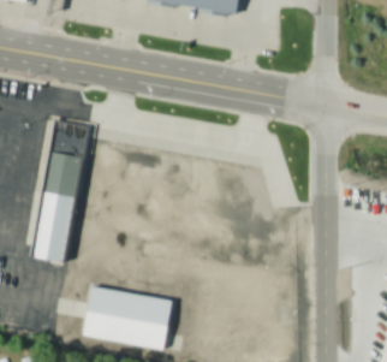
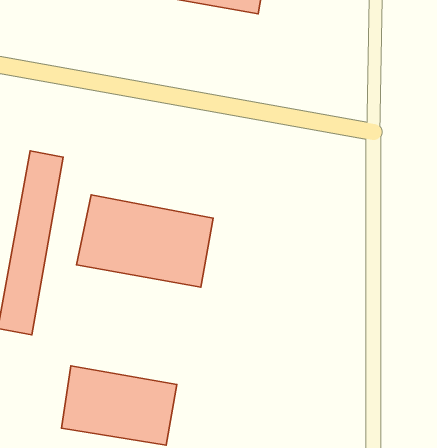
building: none -> [77,195,213,287]

